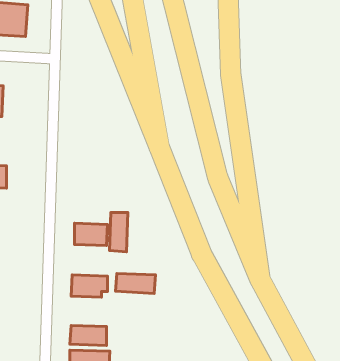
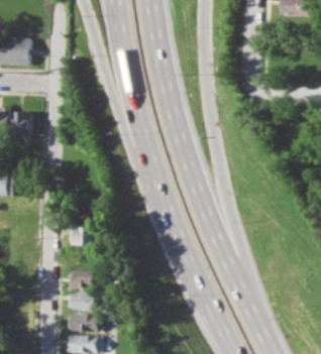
building: none -> [11,112,30,143]
building: [110,213,128,252] -> none
building: [116,274,155,294] -> [68,293,102,311]

